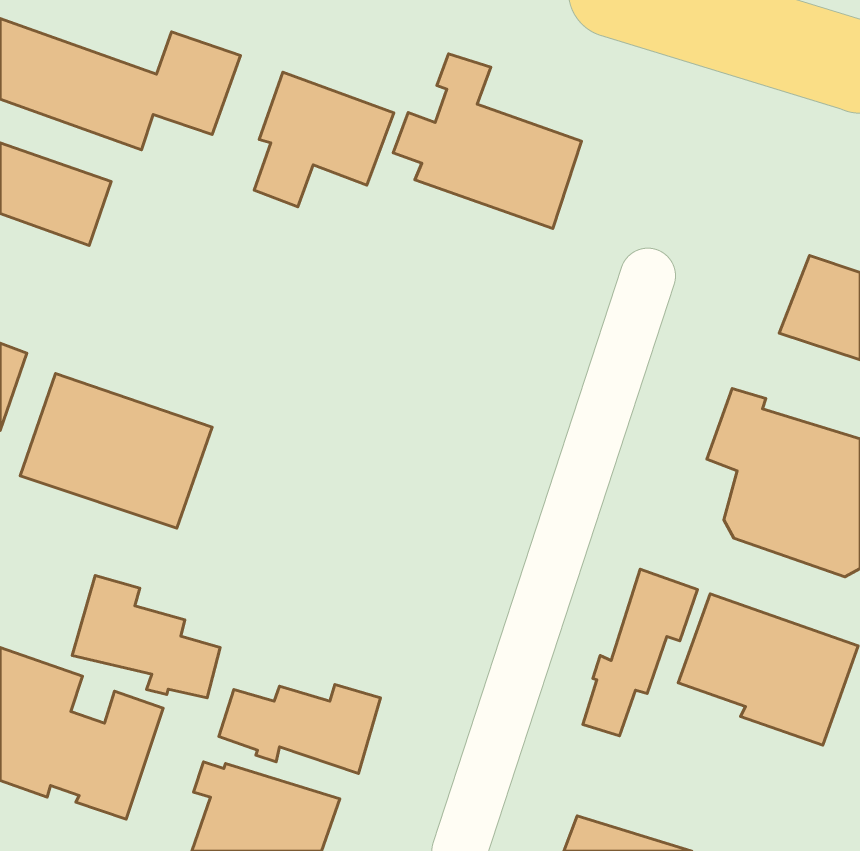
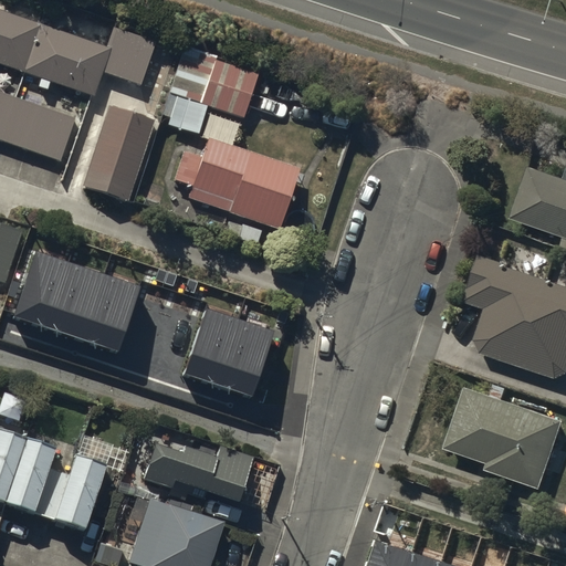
building: [393,54,582,229] -> [174,116,297,231]
building: none -> [82,107,154,201]
building: none -> [182,303,274,391]
building: [583,569,698,736] -> none
building: [72,576,220,698] -> none

